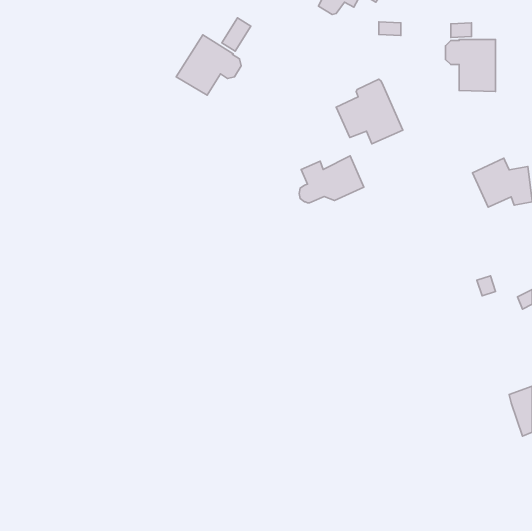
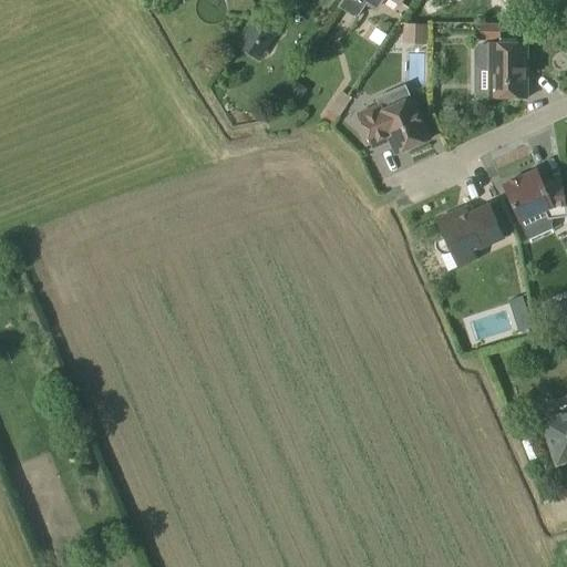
building: [176,35,241,95] -> none
building: [299,156,364,203] -> [434,204,503,254]

